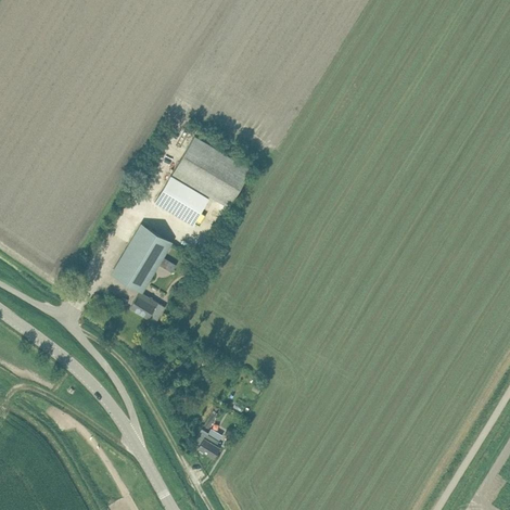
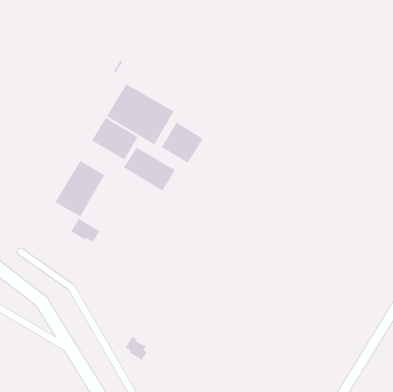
building: none -> [161,122,204,164]
building: none -> [123,147,176,191]

